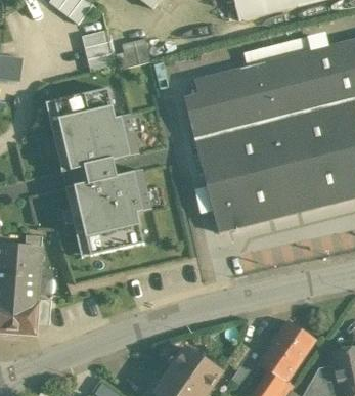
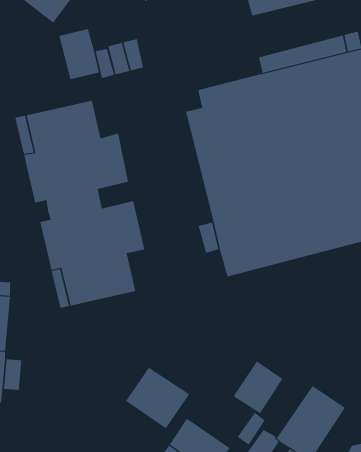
building: none -> [233,361,283,414]
building: none -> [125,367,190,429]

